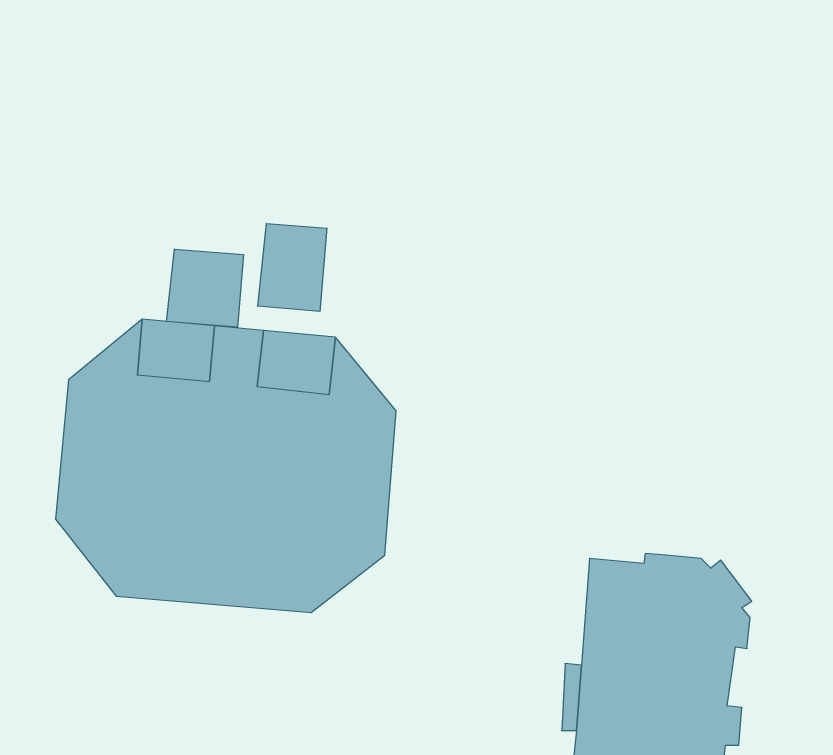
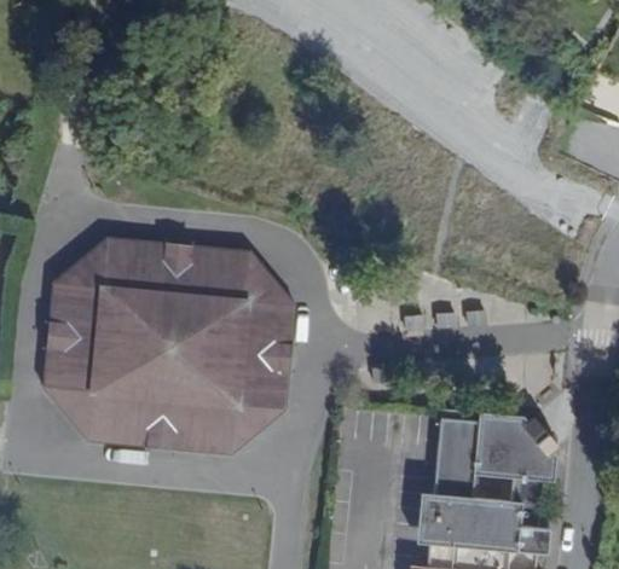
building: [258,223,327,311] -> none
building: [166,249,243,327] -> none

